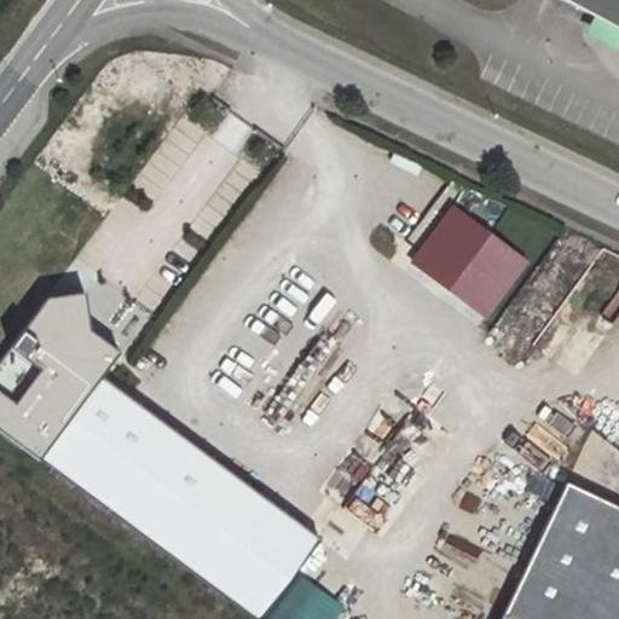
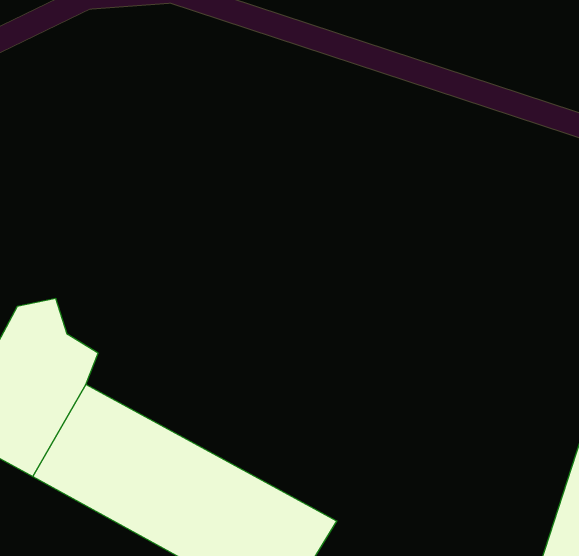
building: [409,201,533,320] -> none

